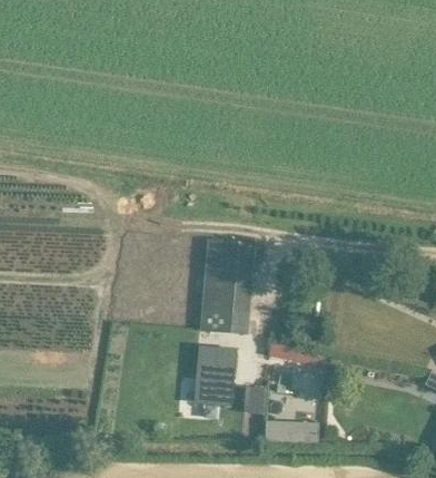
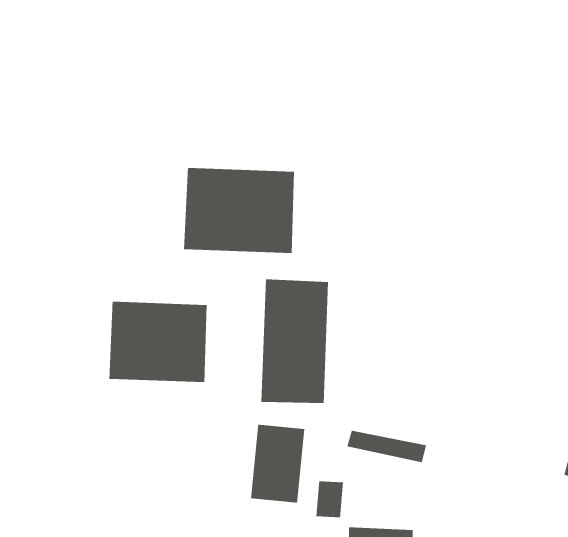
building: none -> [184,167,294,254]
building: none -> [109,301,207,383]

